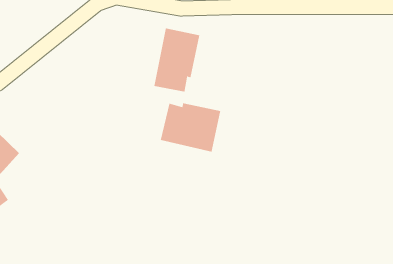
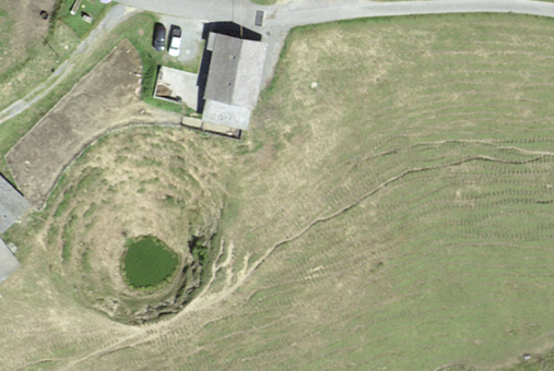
building: [160,102,221,152] -> none

